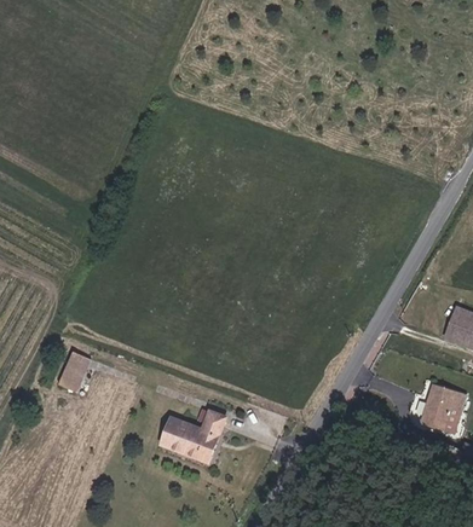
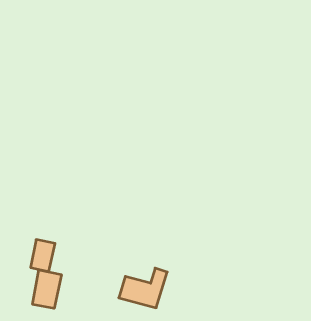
building: none -> [33,270,61,308]

